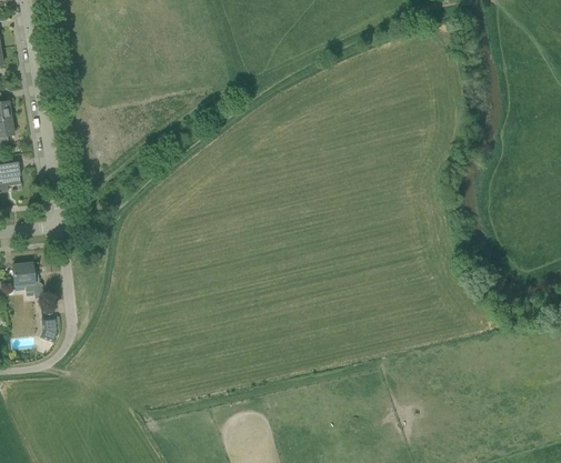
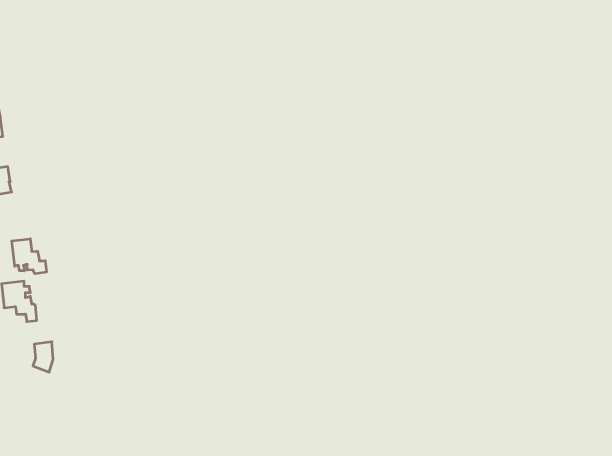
building: none -> [12,239,46,274]

